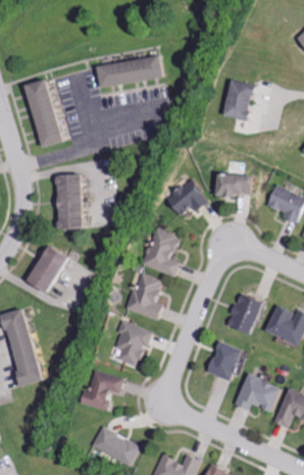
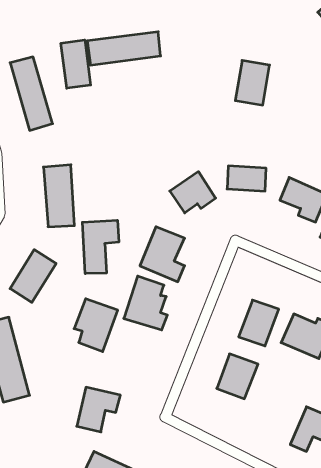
building: none -> [61,40,91,88]
building: none -> [82,220,119,274]
building: [112,321,151,368] -> [74,299,118,352]
building: [237,373,285,413] -> none

